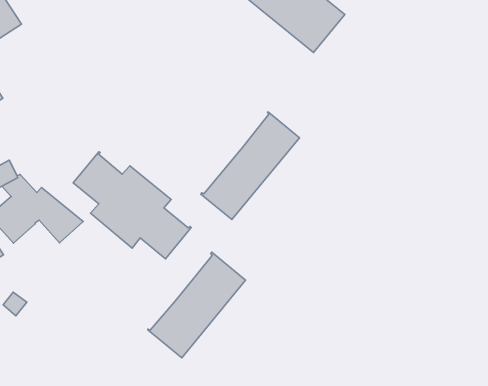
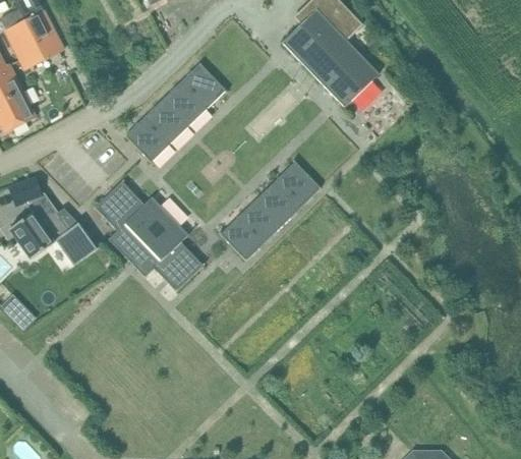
building: none -> [124,63,227,163]
building: [148,252,246,358] -> none

